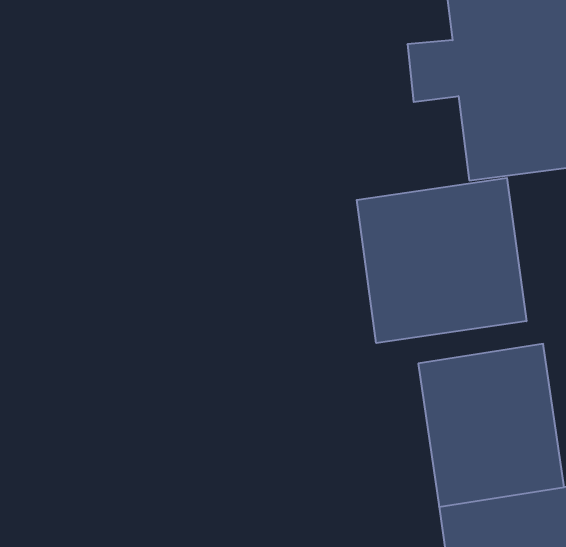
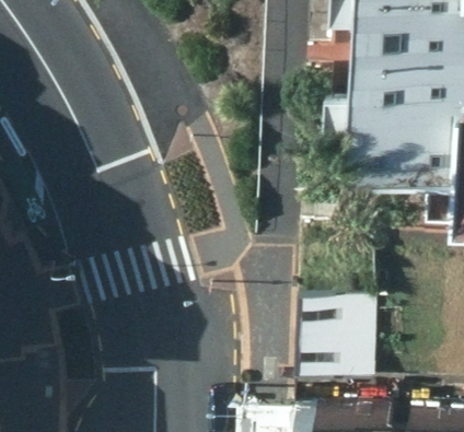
building: [357,178,526,343] -> none

